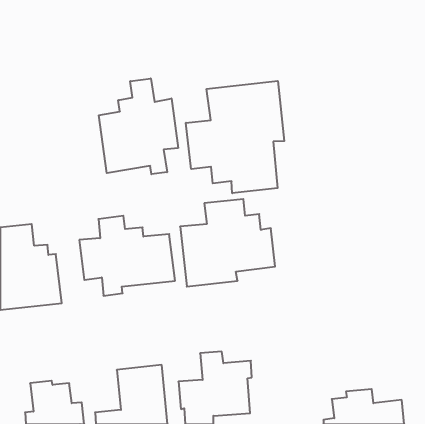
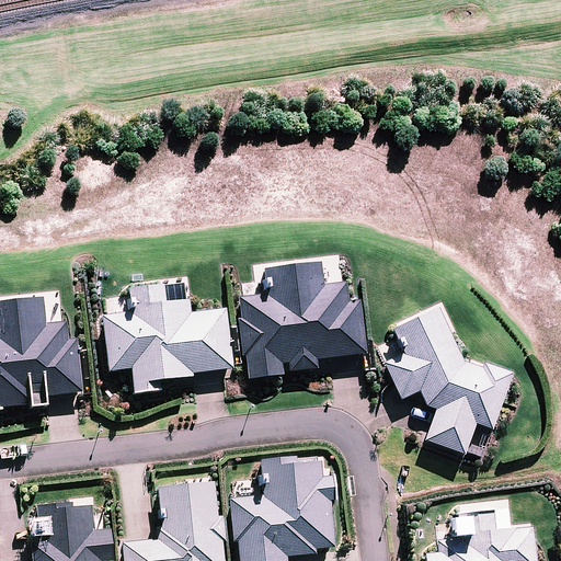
building: [99,78,178,174] -> none
building: [186,81,284,193] -> none
building: none -> [383,308,512,459]

